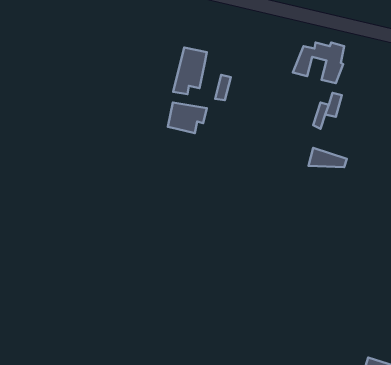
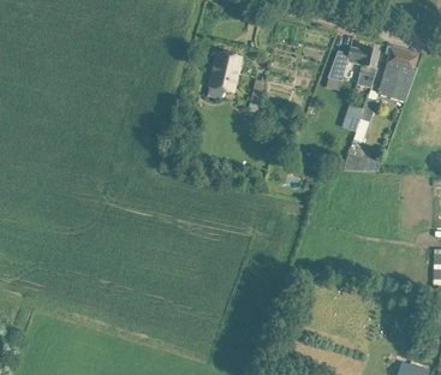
building: none -> [379,48,416,100]
building: [168,102,207,133] -> none

